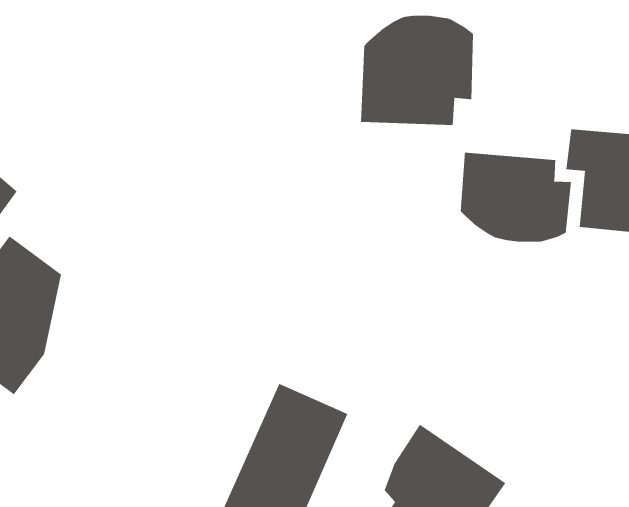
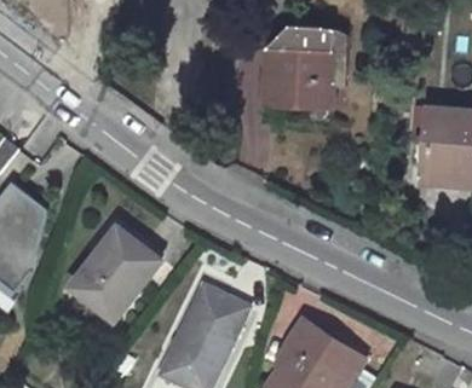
building: [460,152,571,242] -> none
building: none -> [69,225,160,322]

